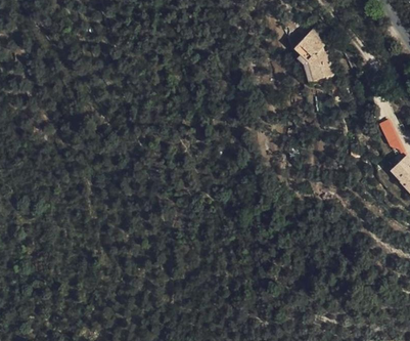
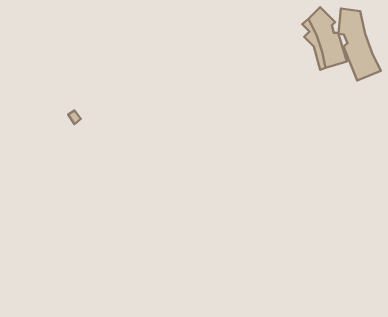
building: none -> [339,8,381,80]

